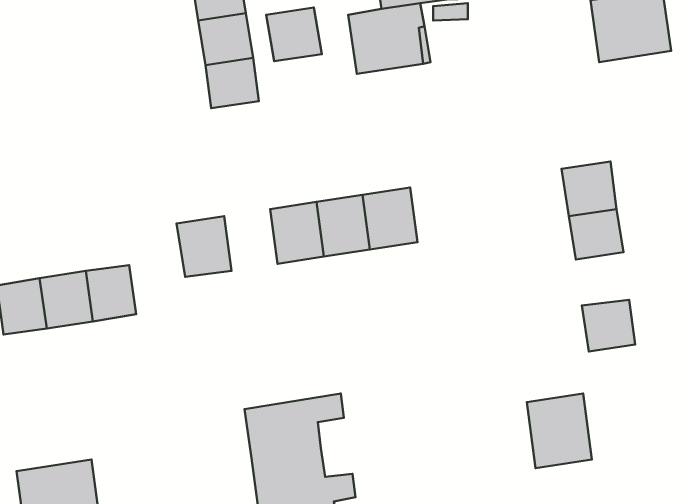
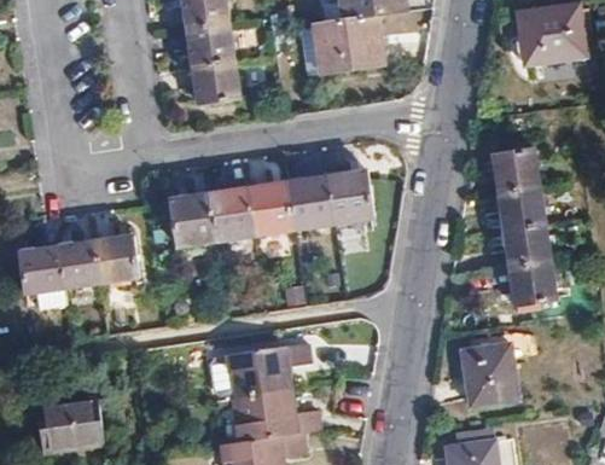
building: [266,7,322,61] -> none
building: none -> [209,187,254,239]
building: none -> [504,223,548,268]

